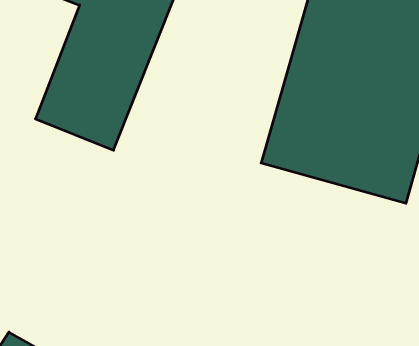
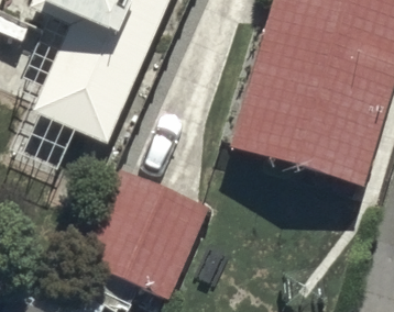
building: none -> [85,174,201,290]

